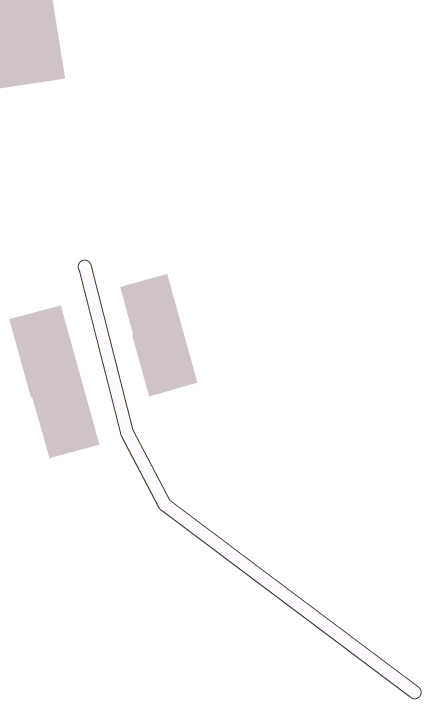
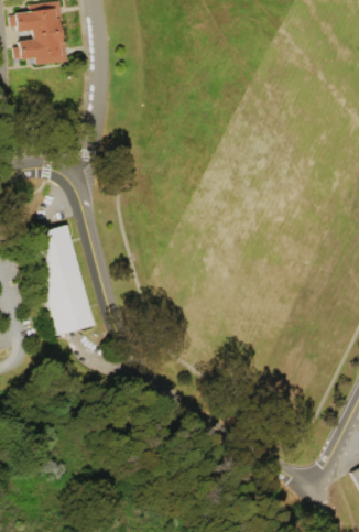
building: [119,273,198,397] -> none

